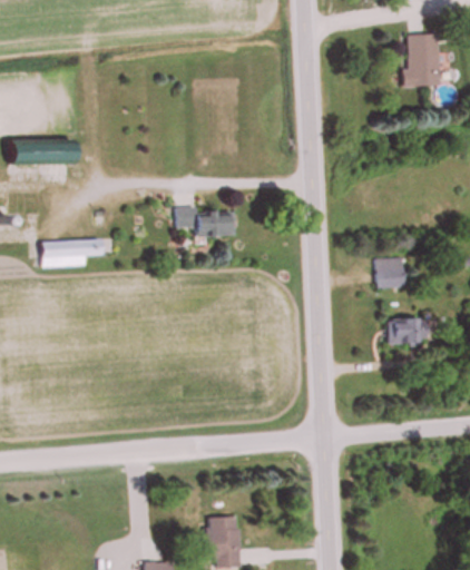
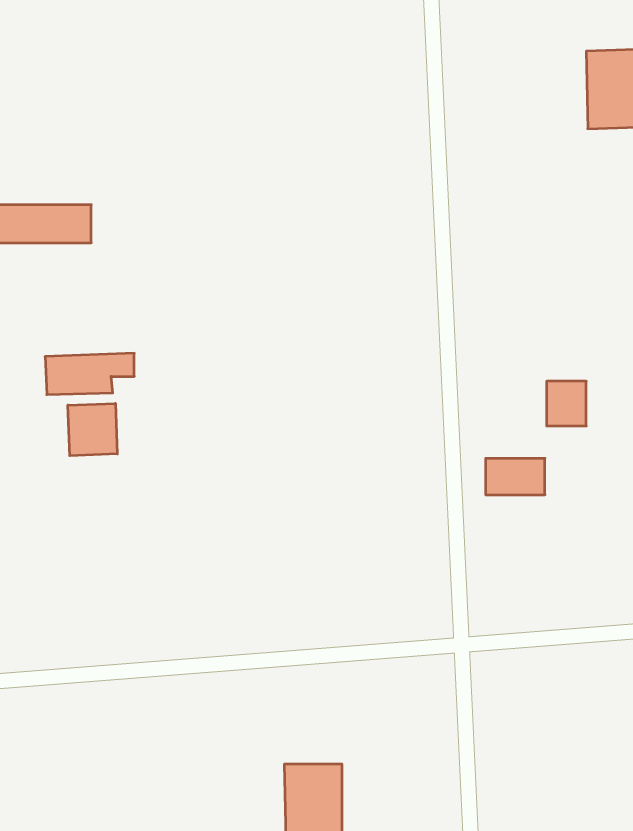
building: [180,212,234,236] -> none
building: none -> [68,403,117,456]
building: [389,318,429,343] -> [486,458,545,495]

